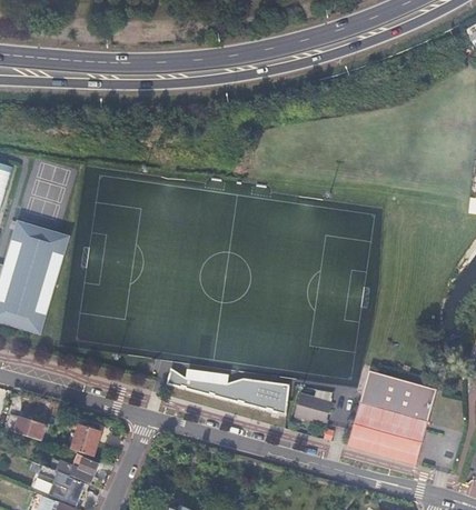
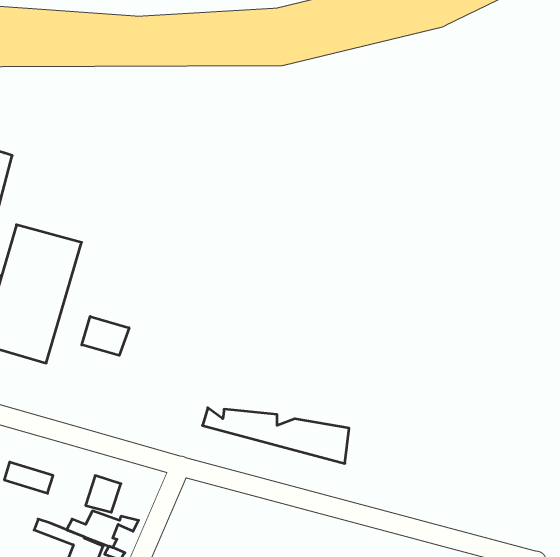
building: none -> [82,316,129,355]
building: [348,370,436,463] -> none
building: [292,391,331,422] -> none

